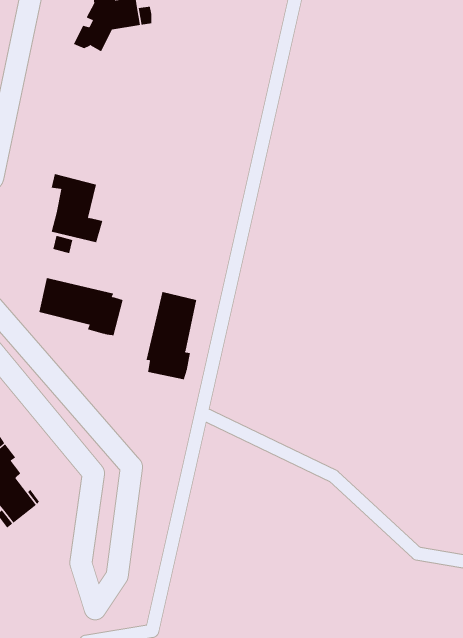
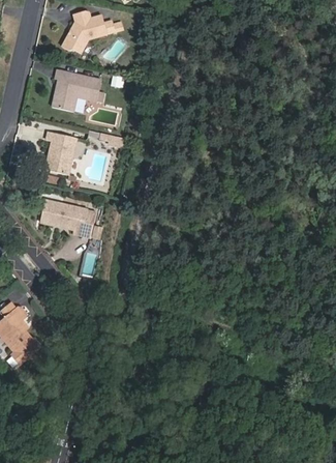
building: none -> [54,69,100,112]
building: [146,291,197,380] -> none

